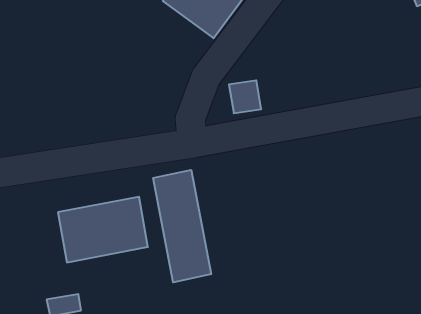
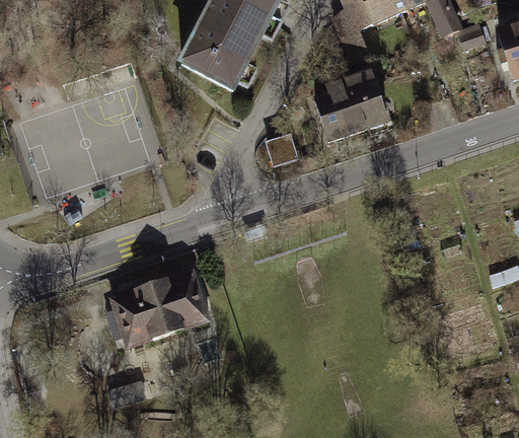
building: none -> [312,75,392,146]
building: [153,170,211,282] -> none

